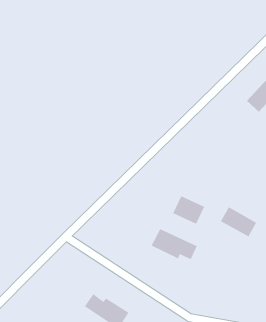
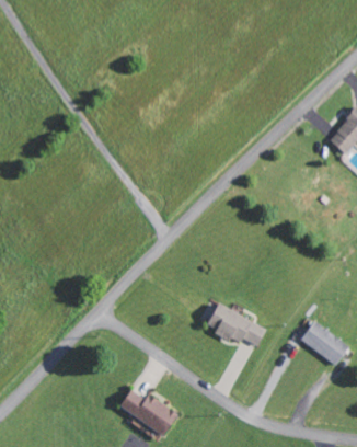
building: [172,195,205,225] -> none
building: [220,206,257,238] -> [301,322,349,363]

